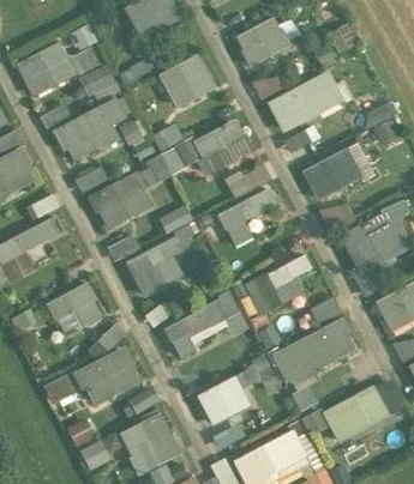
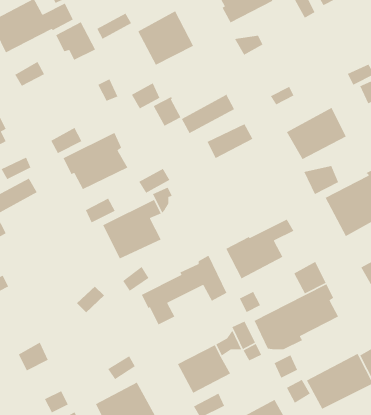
building: [268,69,344,132] -> none
building: [54,98,127,161] -> none
building: [193,119,245,158] -> none
building: [145,147,186,182] -> none
building: [217,188,276,244] -> none
building: [47,282,104,326] -> none
building: [73,346,139,404] -> none

